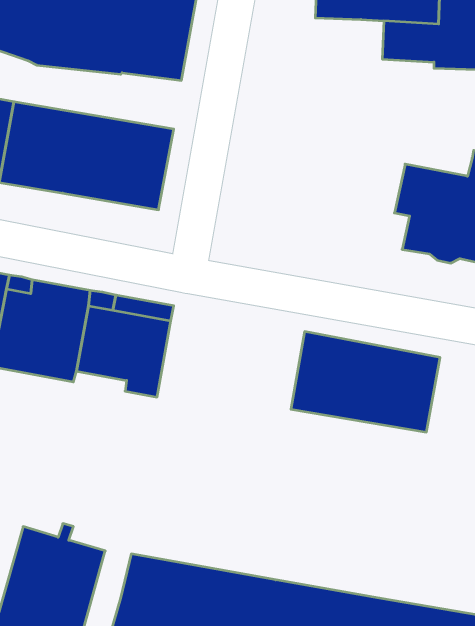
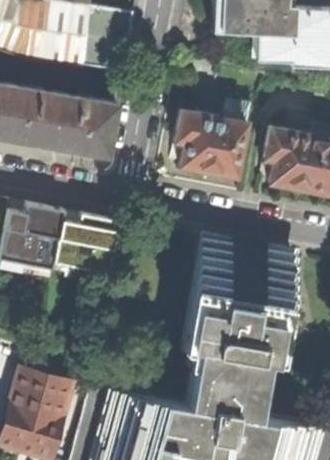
building: none -> [176,101,251,178]
building: none -> [187,289,286,413]

